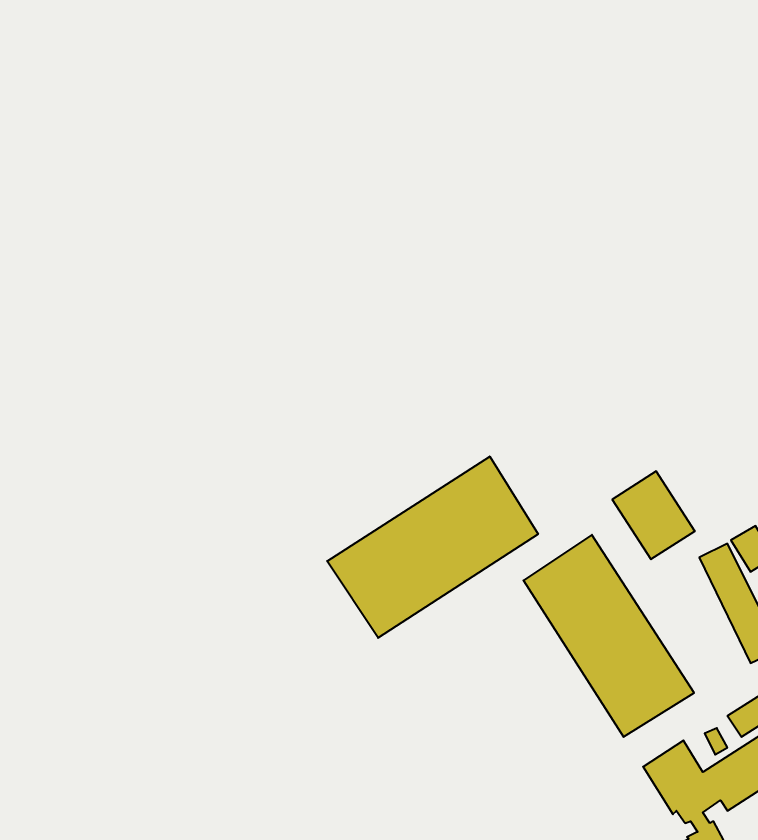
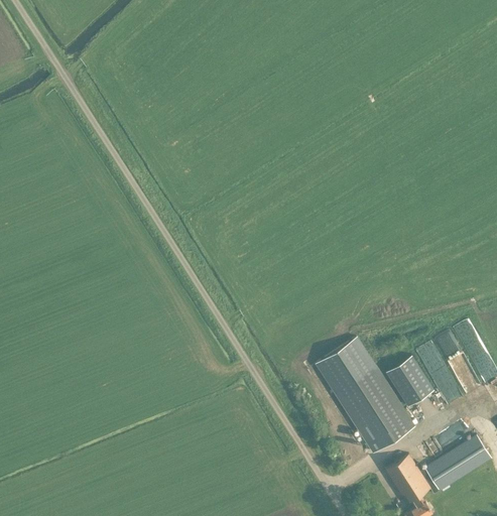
building: [327,456,538,638] -> none
building: [612,471,695,559] -> [386,356,433,406]

